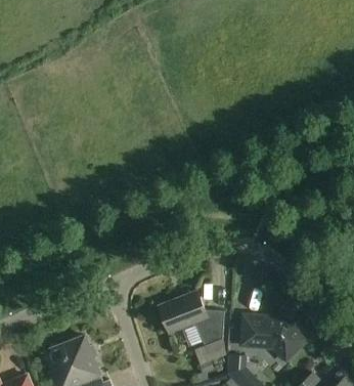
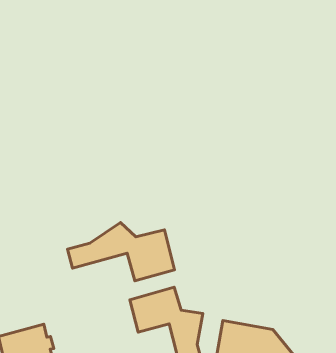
building: none -> [67,222,174,281]

